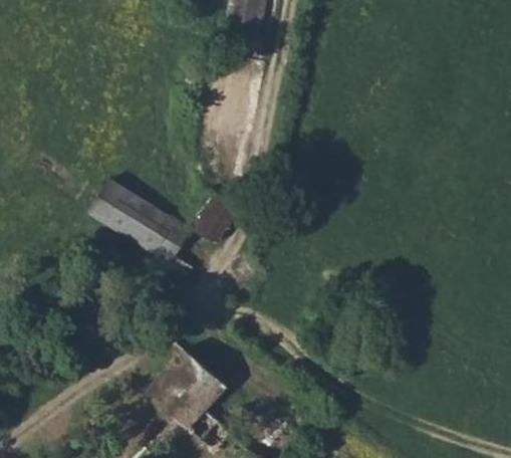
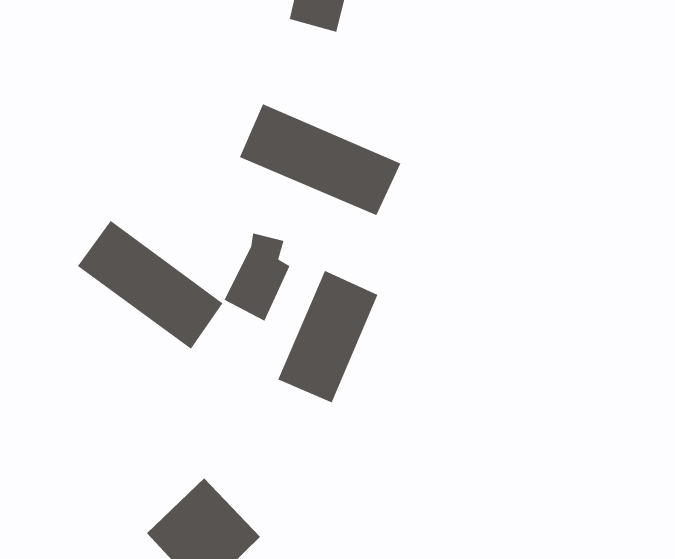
building: none -> [239,103,401,216]
building: none -> [277,270,378,404]

